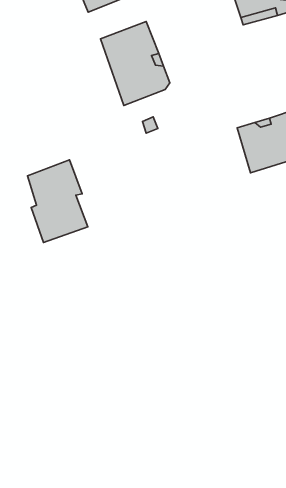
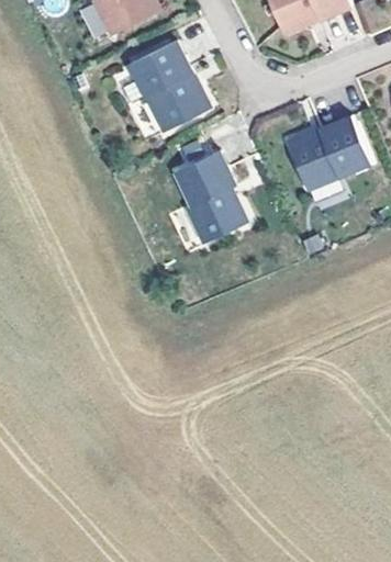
building: [27,160,88,242] -> [176,150,247,243]

